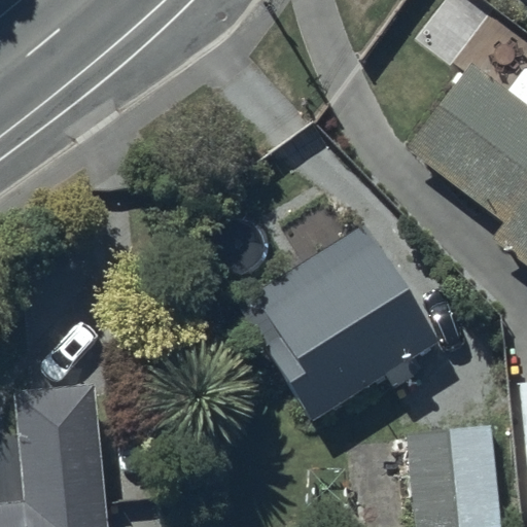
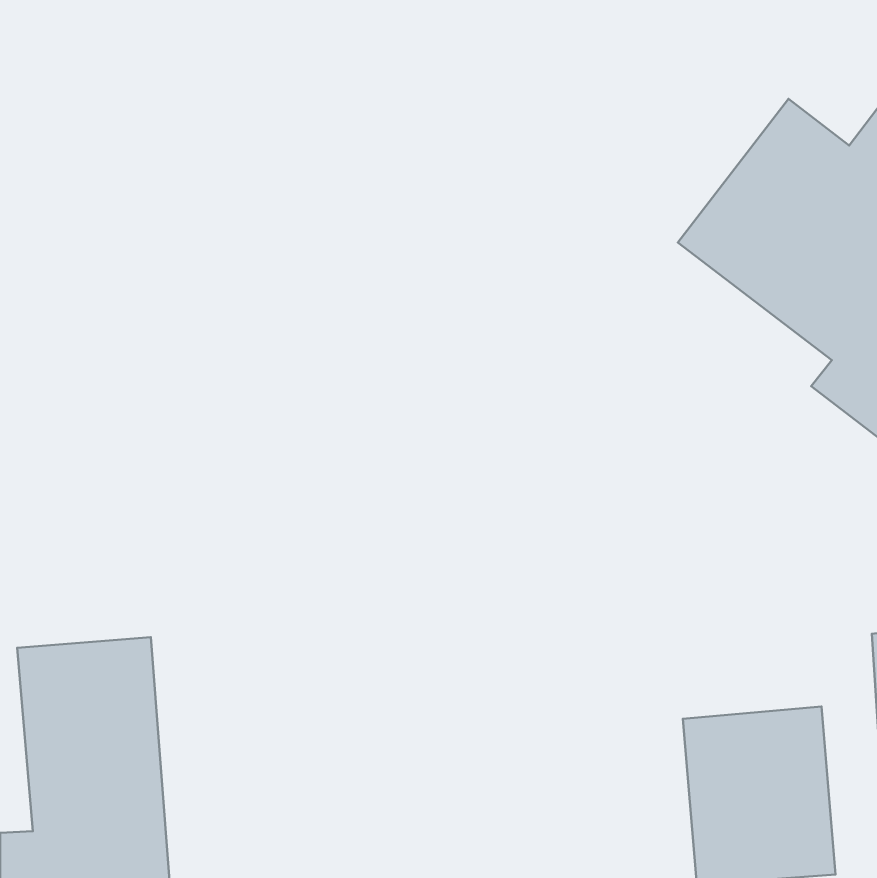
building: [239,224,436,419] -> none

